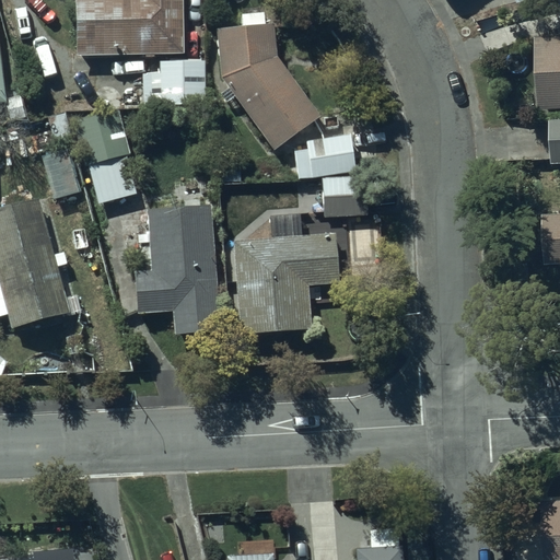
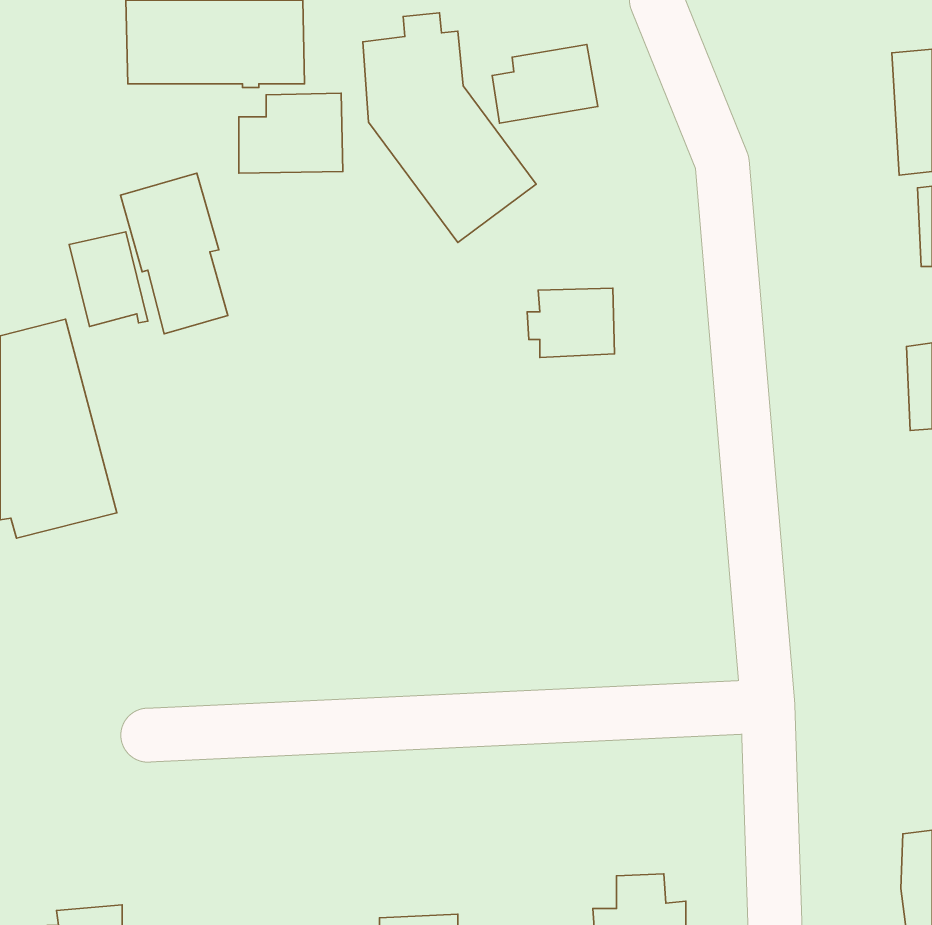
building: [294,133,358,180] -> [492,45,598,123]
building: [135,206,221,335] -> none
building: [234,214,340,331] -> none

